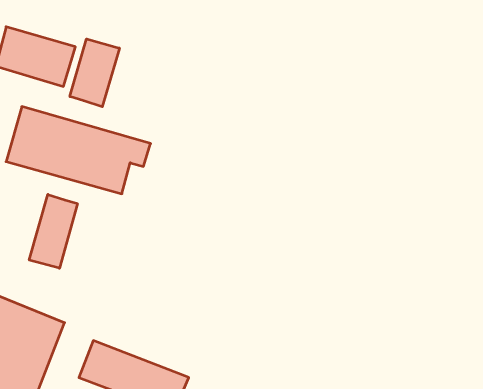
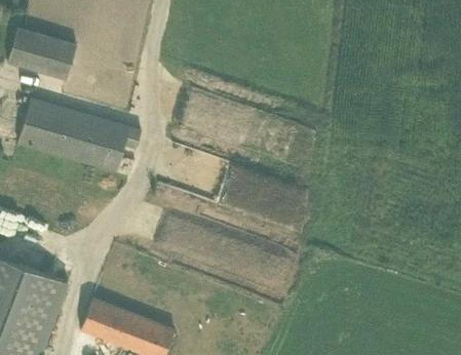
building: [70,39,119,107] -> none
building: [29,194,77,268] -> none

